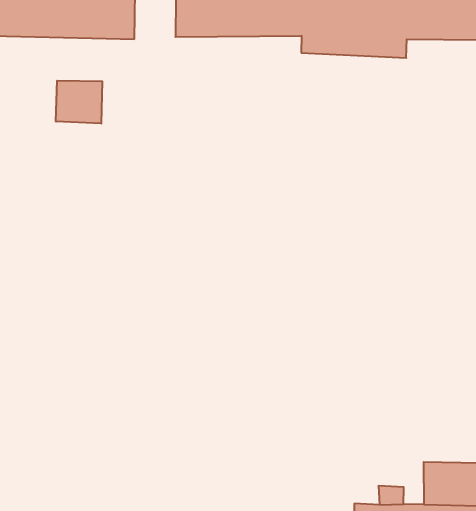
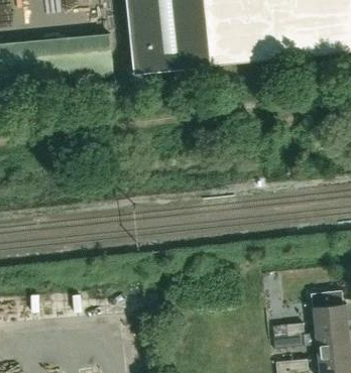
building: [56,81,102,124] -> none

